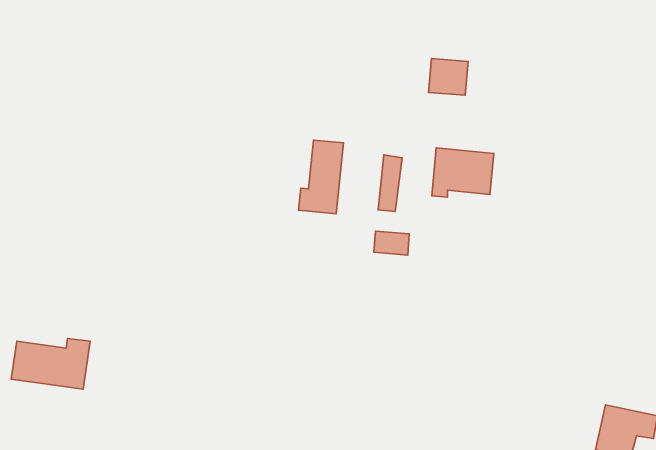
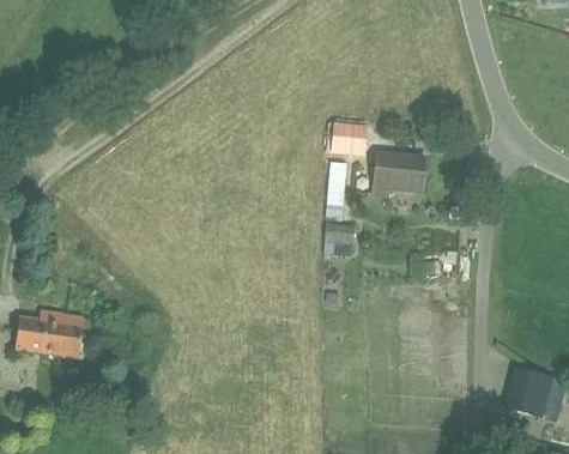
building: [429,59,468,95] -> [333,121,367,152]
building: [298,140,343,214] -> none

